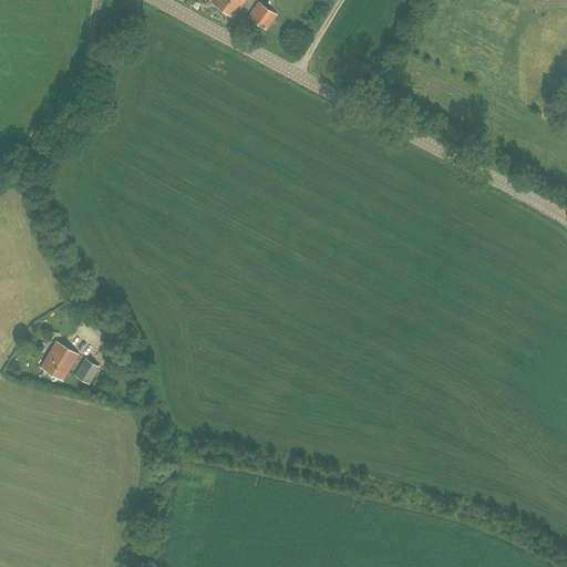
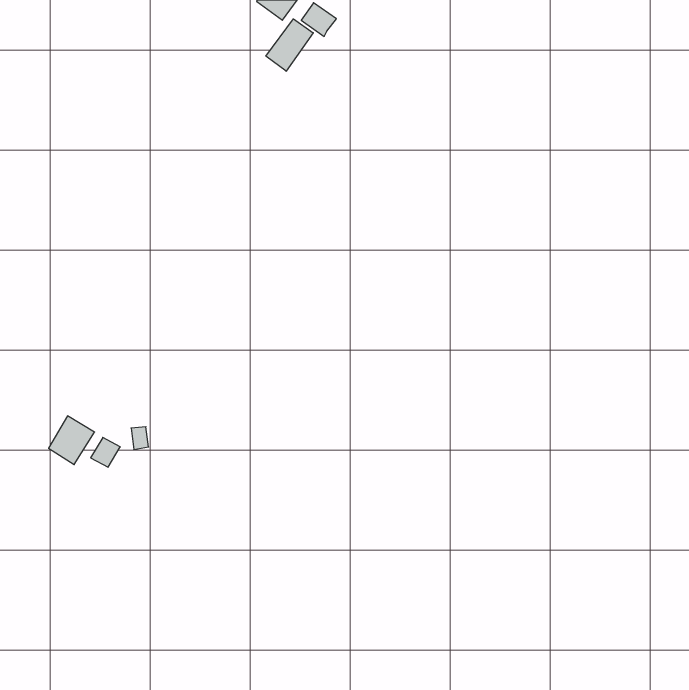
building: none -> [266,19,313,71]

